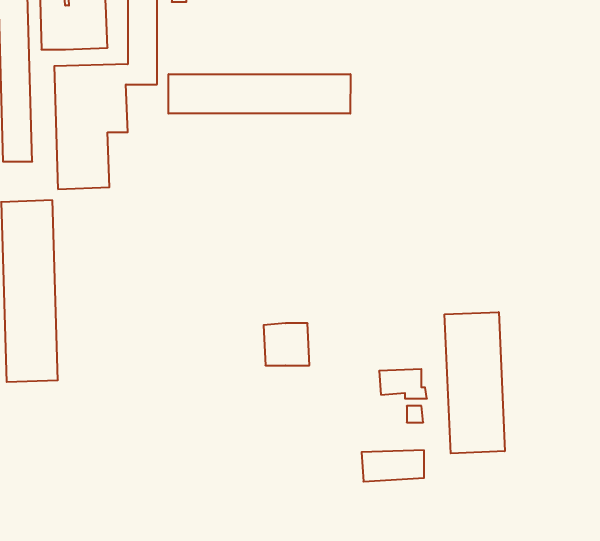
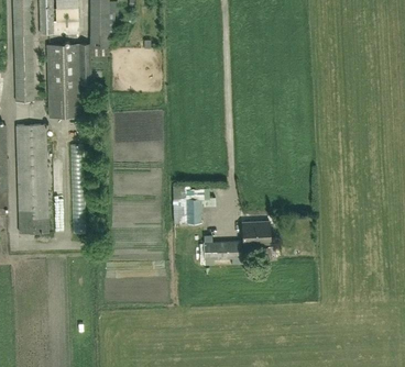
building: [168,74,350,114] -> none
building: [445,312,505,453] -> none
building: [362,450,424,482] -> [204,241,241,259]

